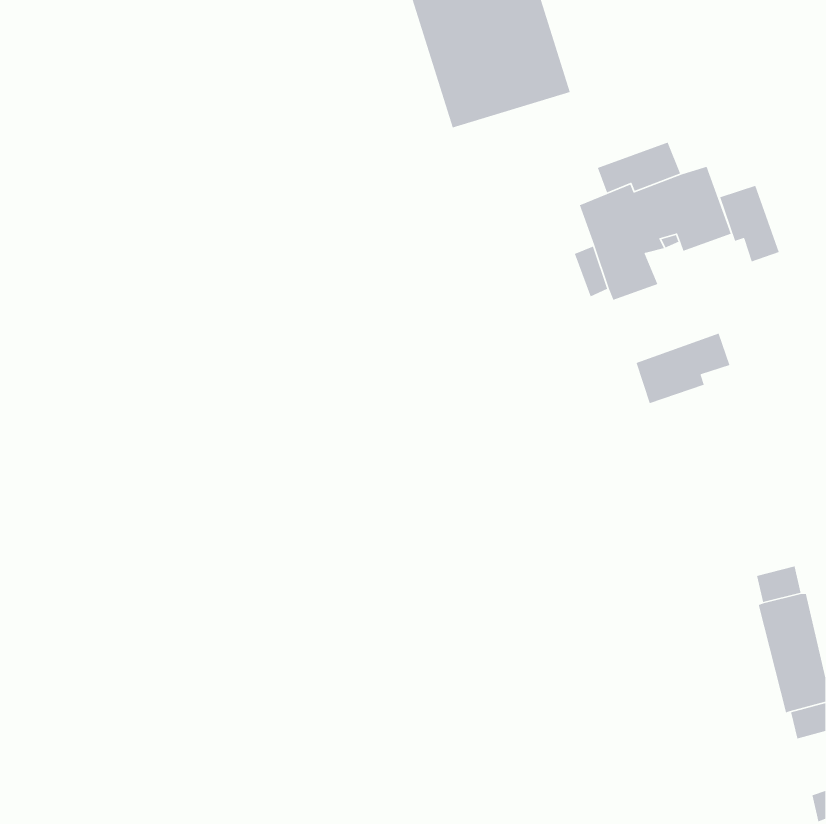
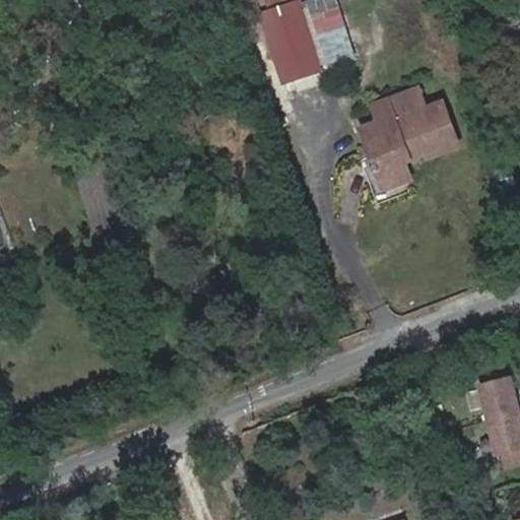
building: [719,185,780,263] -> none
building: [635,333,731,404] -> none

